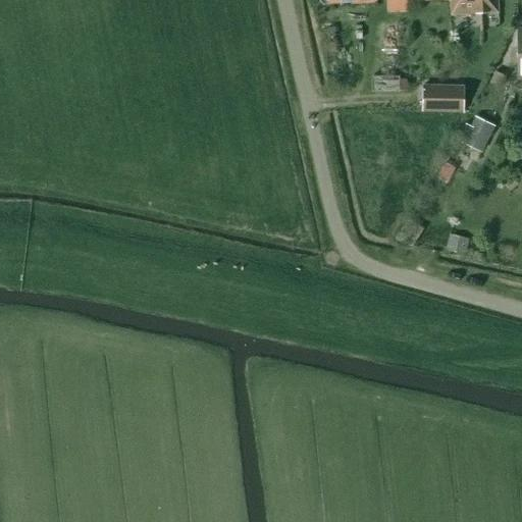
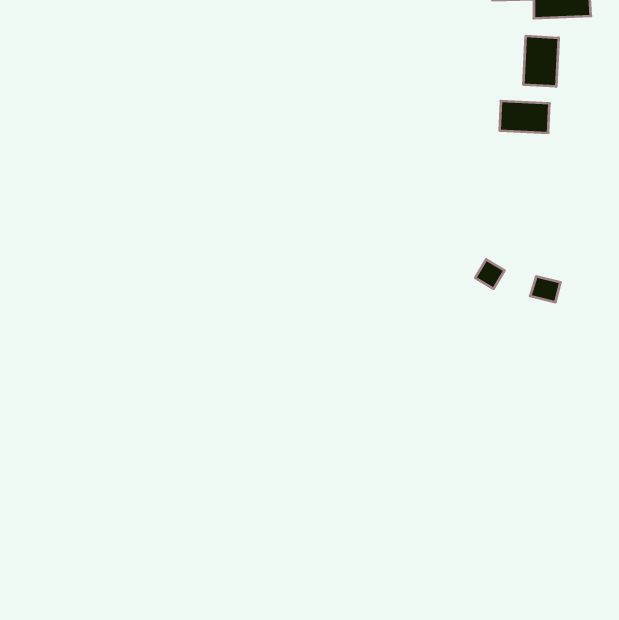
building: none -> [524,36,559,87]
building: [461,114,498,150] -> none

